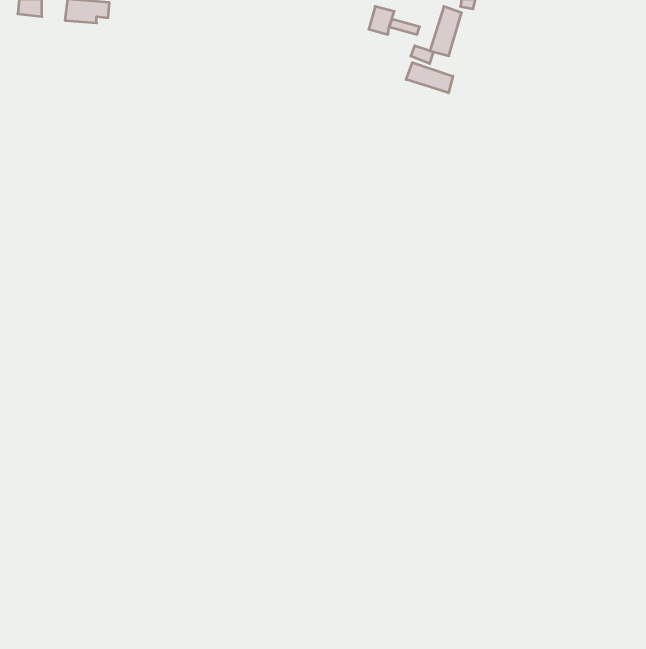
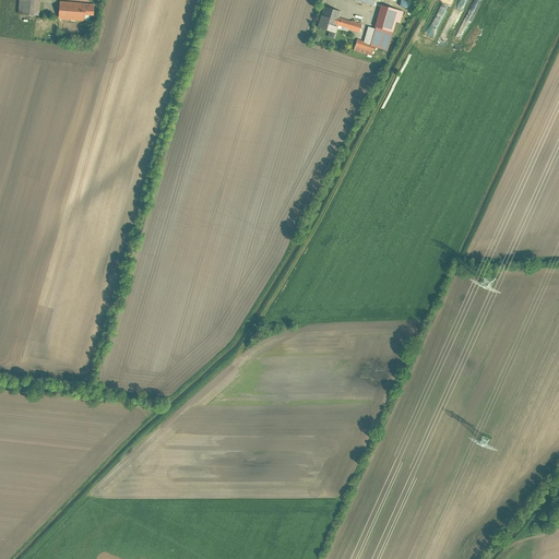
building: [406,63,453,93] -> none

